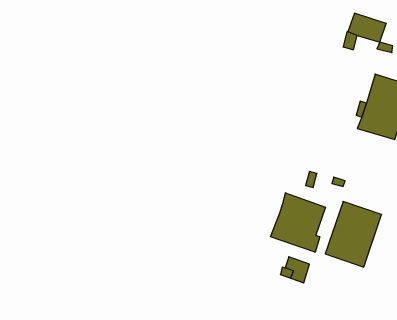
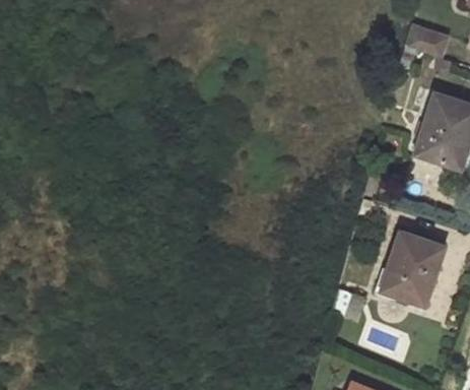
building: [270,193,326,252] -> none

